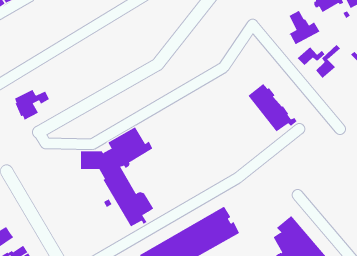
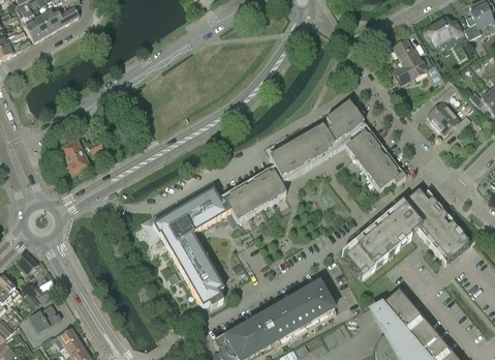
building: [297,46,326,66] -> [435,110,470,133]
building: none -> [224,100,363,220]
building: none -> [341,189,469,274]

